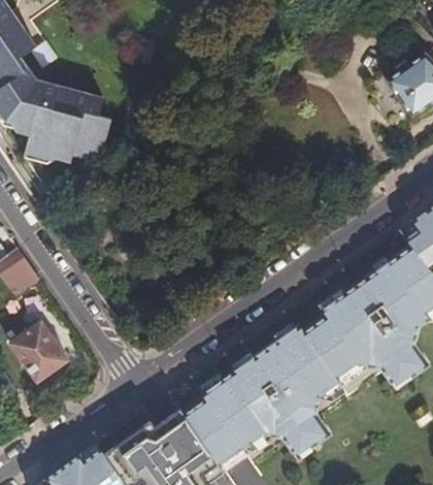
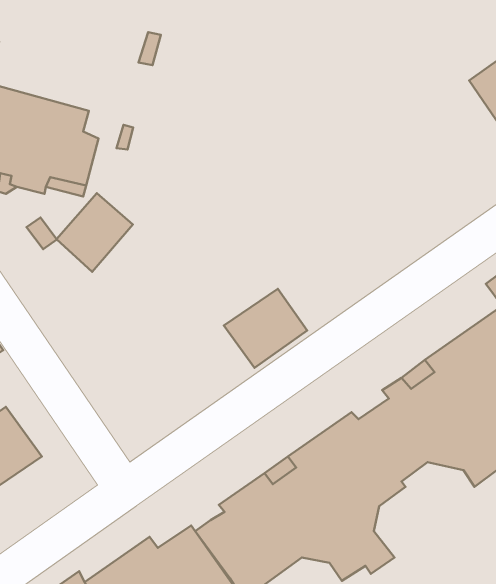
building: none -> [57,193,133,272]
building: none -> [224,289,307,368]

